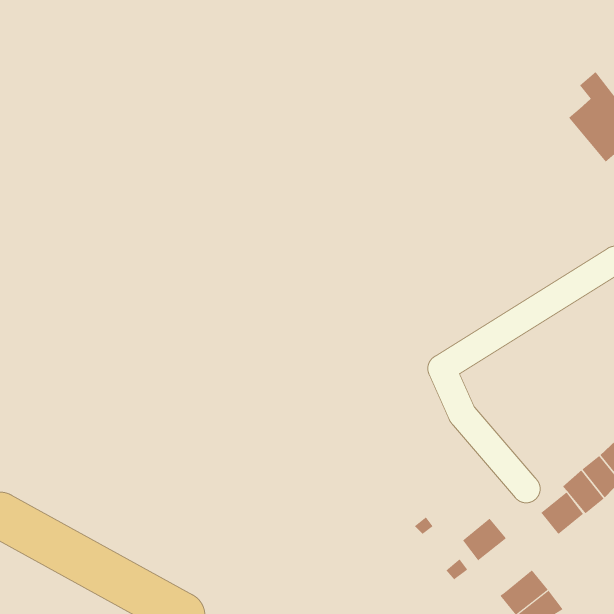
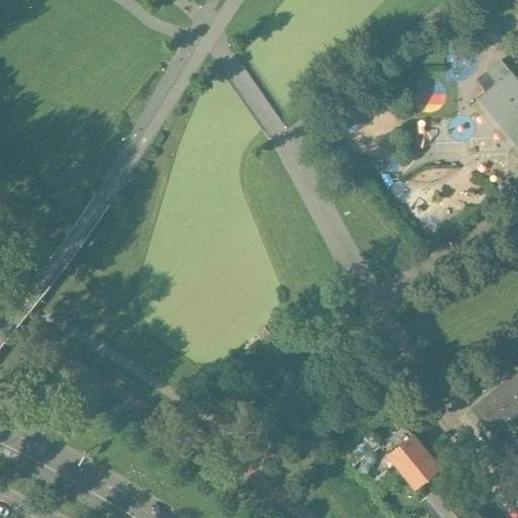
building: [540,492,584,535] -> none
building: none -> [403,453,440,489]

